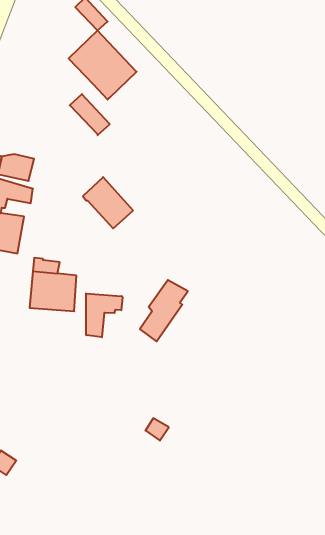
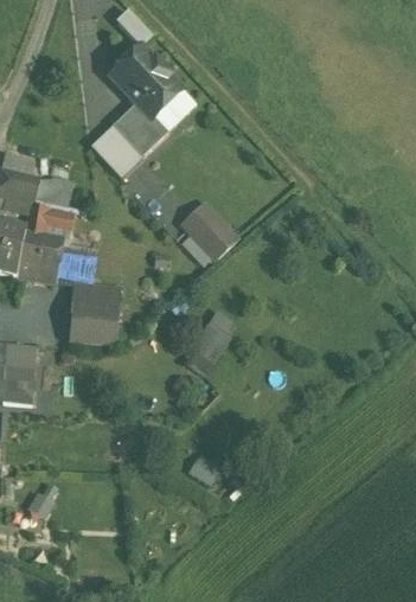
building: none -> [124,102,168,145]
building: none -> [90,124,141,175]
building: [83,177,133,228] -> [184,203,237,257]
building: [86,293,123,337] -> none

